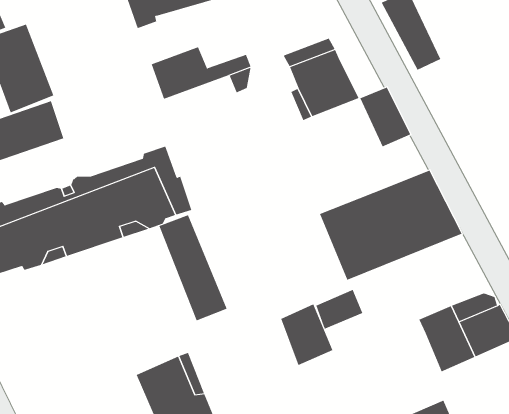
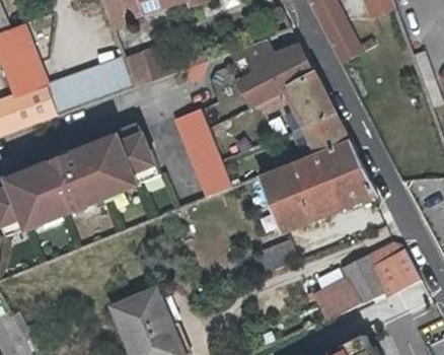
building: none -> [278,46,315,85]
building: none -> [46,58,135,116]
building: none -> [305,115,350,157]
building: [158,214,228,321] -> [174,113,230,199]
building: [281,303,333,366] -> none
building: none -> [310,275,359,322]

